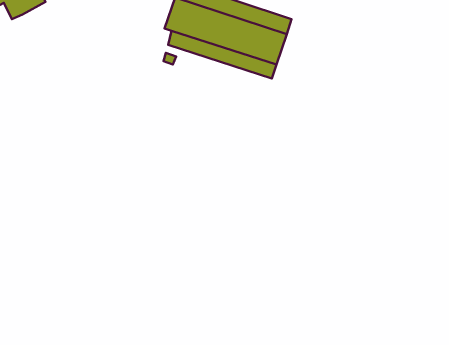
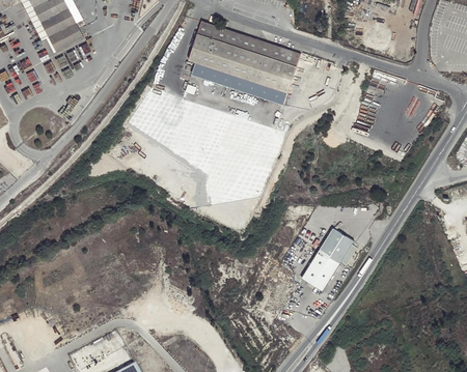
building: none -> [302,227,358,291]

